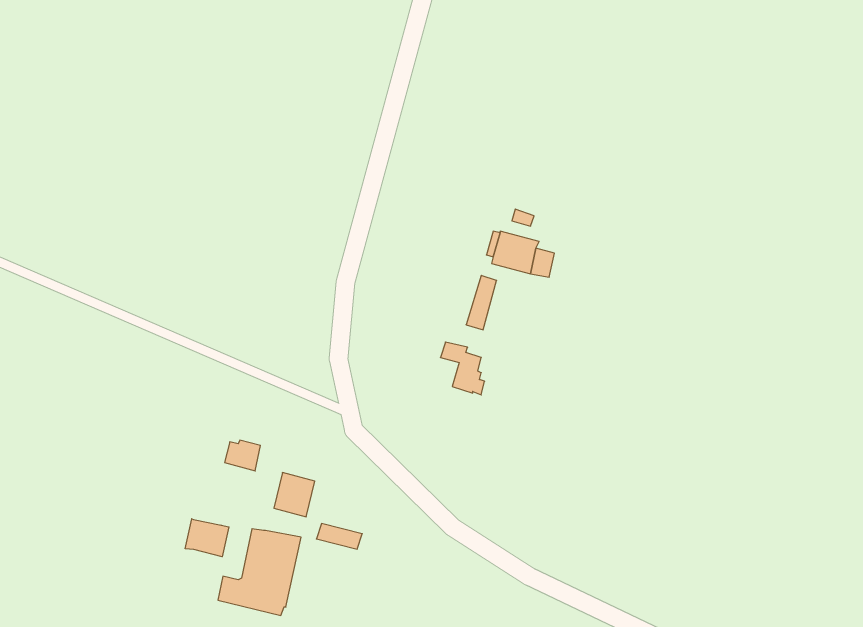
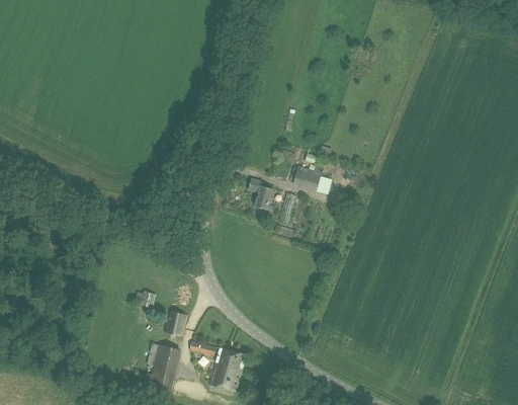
building: [440,342,485,395] -> [248,179,274,211]
building: [185,519,229,557] -> none
building: none -> [209,347,247,392]

